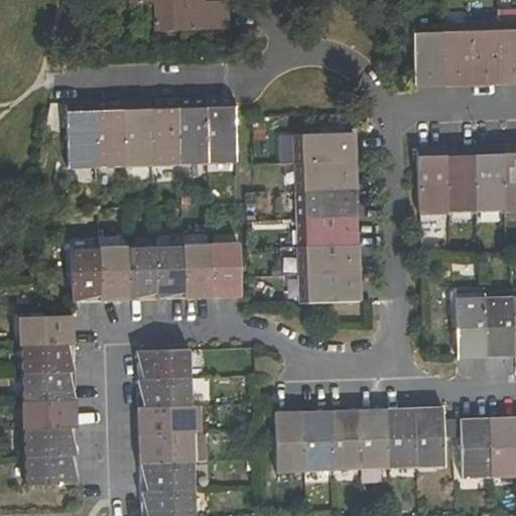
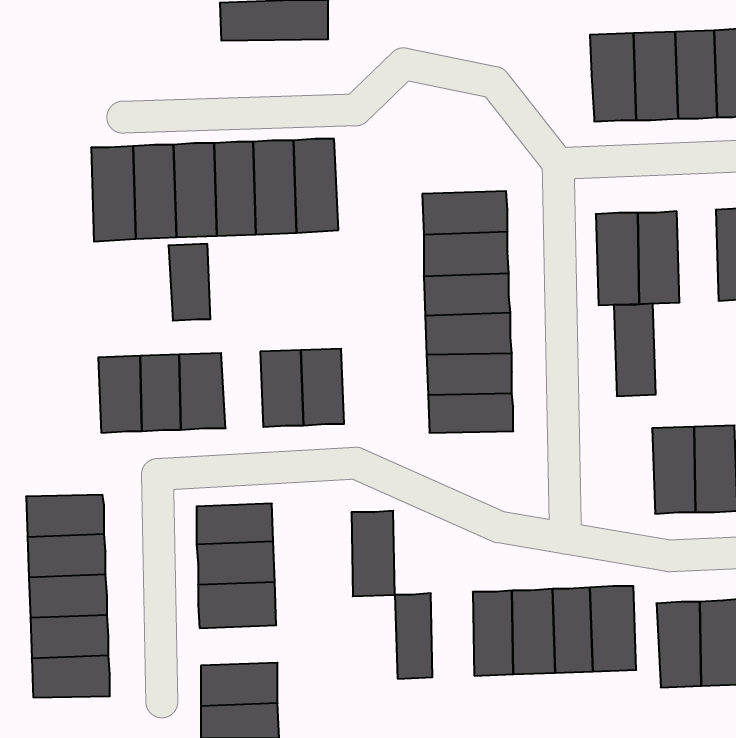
building: [474,146,503,211] -> [614,303,656,396]
building: [156,245,185,298] -> [168,244,210,321]
building: [20,316,74,346] -> none
building: [302,412,333,472] -> [351,511,395,596]
building: [141,435,196,464] -> none

